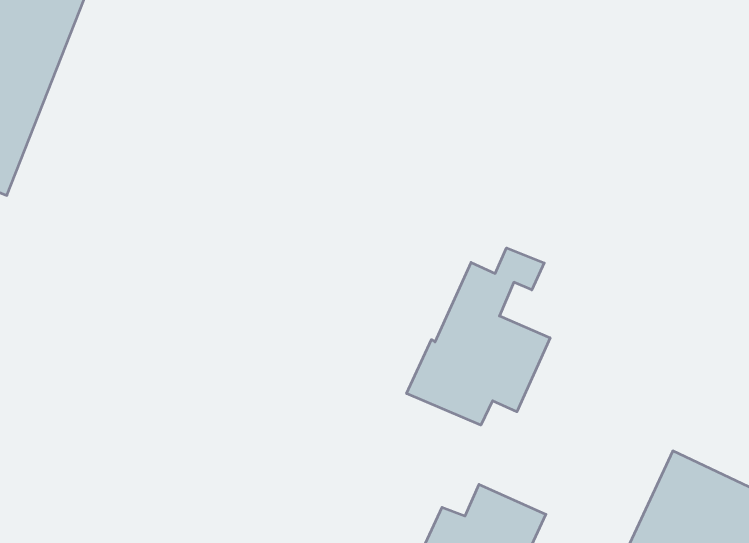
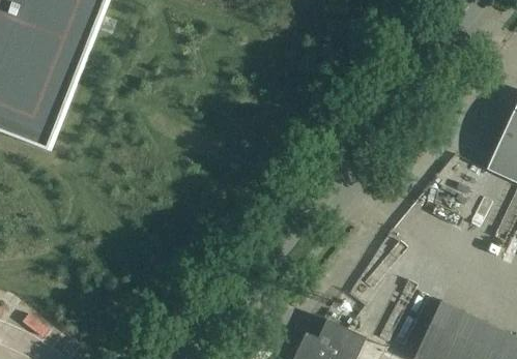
building: [407,248,550,425] -> none

